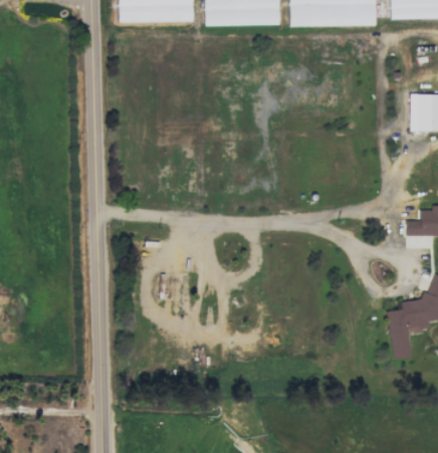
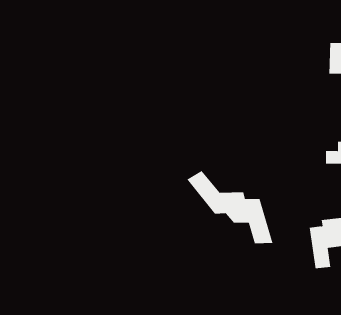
building: none -> [187,170,273,244]

